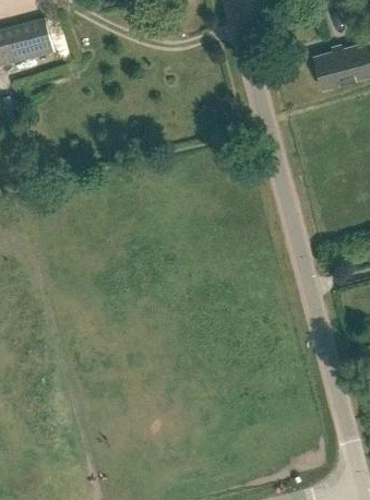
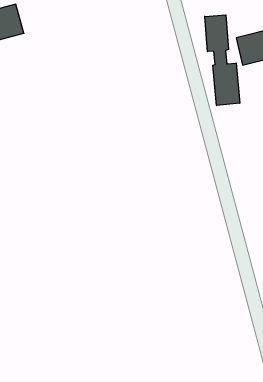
building: none -> [205,15,240,106]

